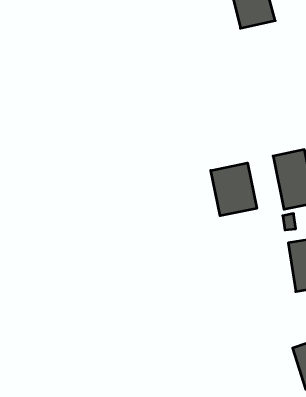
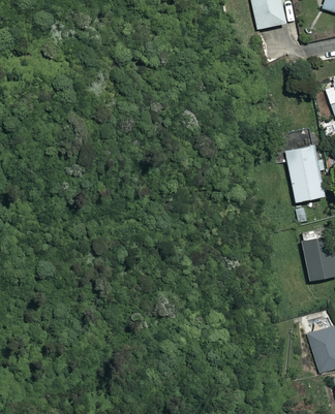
building: [211,163,257,216] -> none

